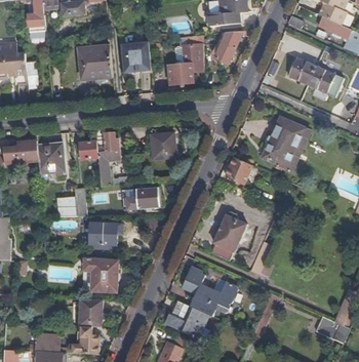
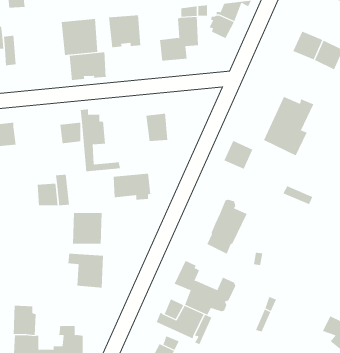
building: none -> [69,52,106,81]
building: [36,143,64,173] -> none
building: [80,298,102,326] -> [13,305,37,335]

